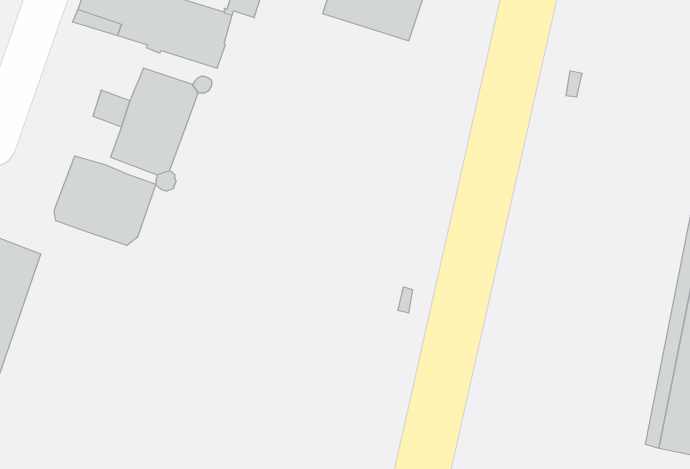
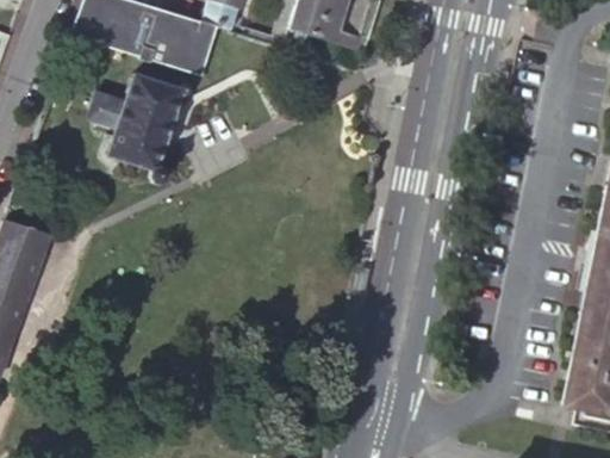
building: [54,156,156,246] -> none

